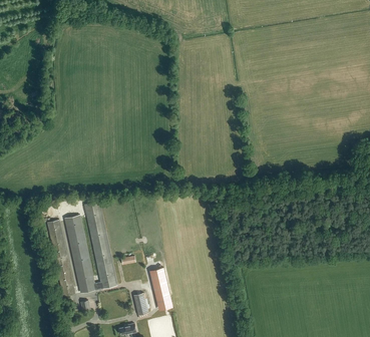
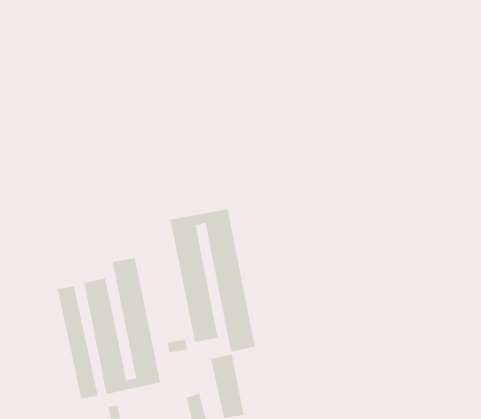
building: none -> [170,208,256,352]

